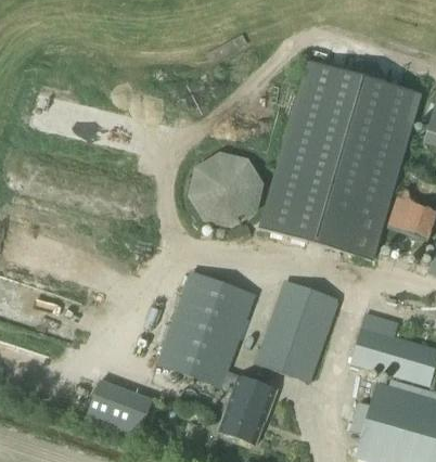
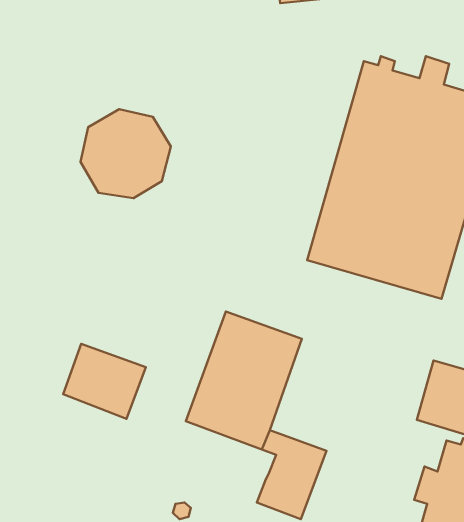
building: [189,152,265,227] -> [80,109,171,198]
building: [255,280,337,382] -> none
building: [85,377,154,440] -> [63,344,146,419]

